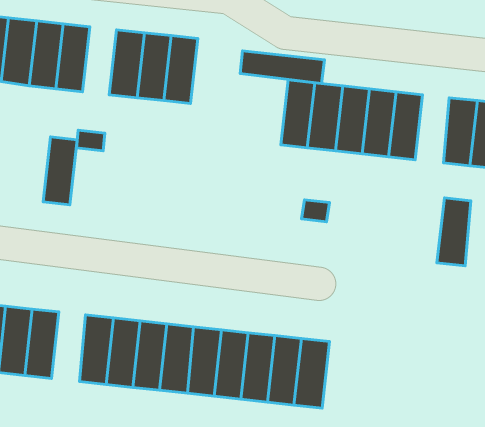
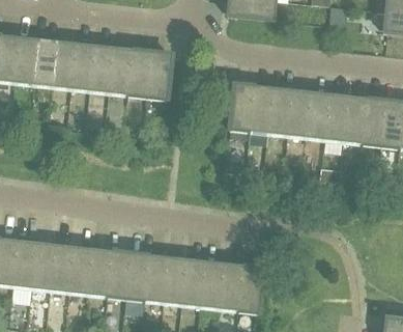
building: [240,51,324,84] -> none
building: [43,137,77,205] -> [90,46,114,93]
building: [437,198,471,266] -> [323,93,347,141]
building: none -> [68,246,92,295]

